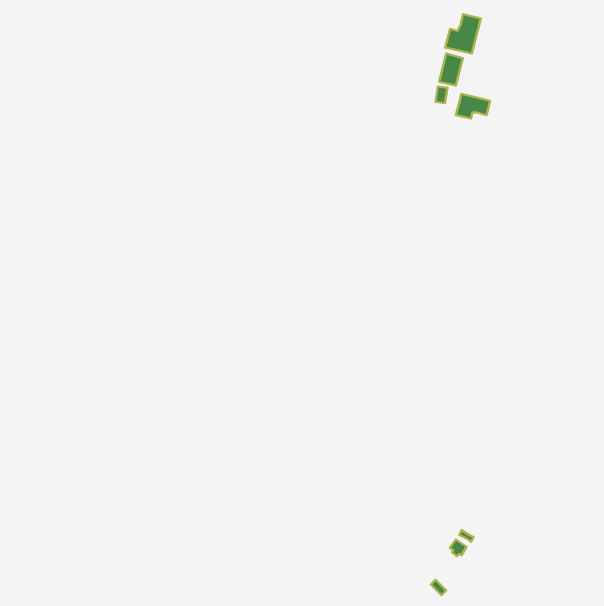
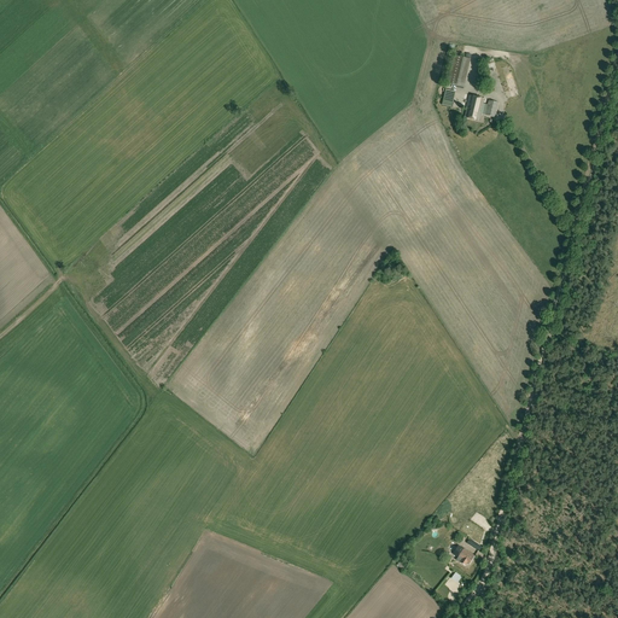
building: [445,14,481,54] -> none

